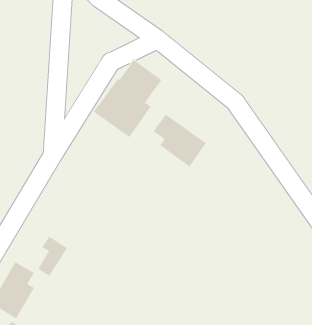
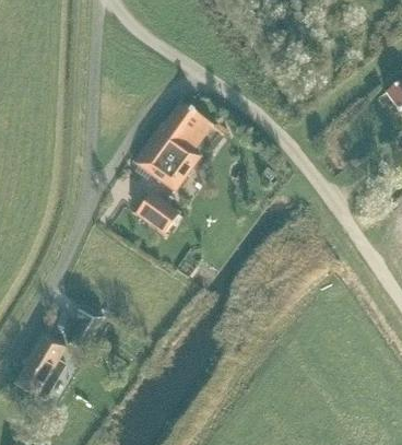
building: [153,114,207,167] -> none
building: none -> [135,192,179,234]

